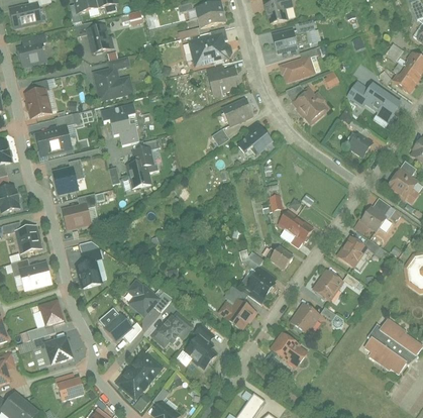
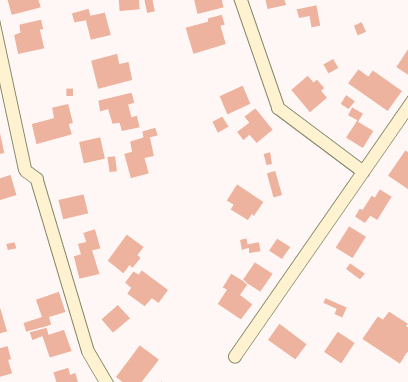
building: [270,27,296,53] -> none
building: [280,45,321,82] -> none
building: [205,63,237,95] -> none
building: [25,78,57,119] -> none
building: [52,166,80,193] -> [78,137,106,164]
building: [276,208,314,245] -> [225,183,264,221]
building: [15,224,42,251] -> none
building: none -> [106,233,145,274]
building: [11,257,50,290] -> none
building: [311,268,343,300] -> none
building: [287,302,319,335] -> [323,331,356,365]
building: [153,310,192,350] -> none
building: [185,323,220,372] -> none

